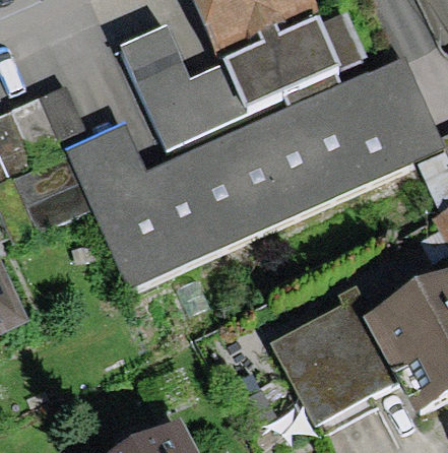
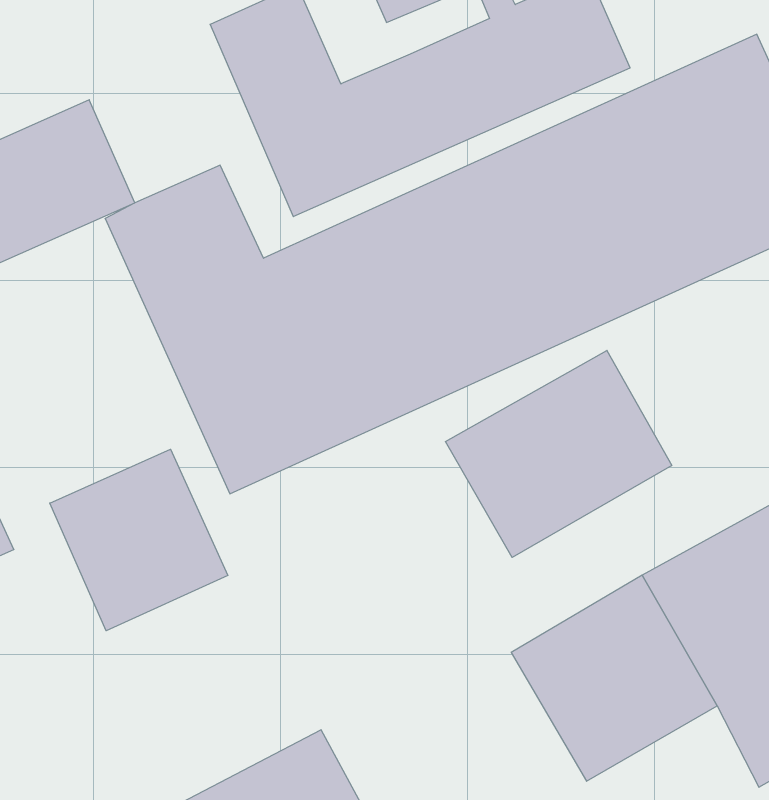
building: none -> [445,350,672,557]
building: none -> [50,449,228,631]

